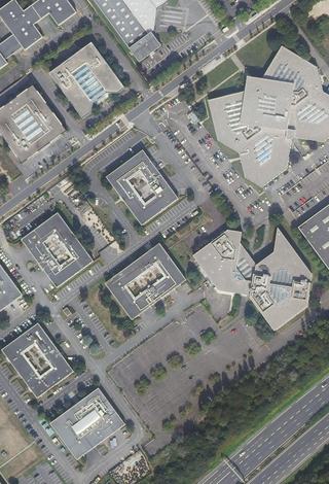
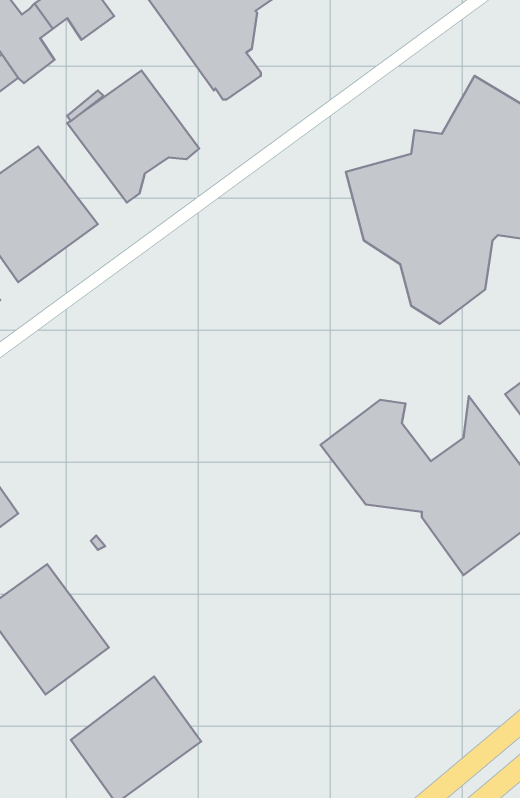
building: [106,149,177,224] -> none
building: [21,212,93,286] -> none
building: [105,243,185,318] -> none

